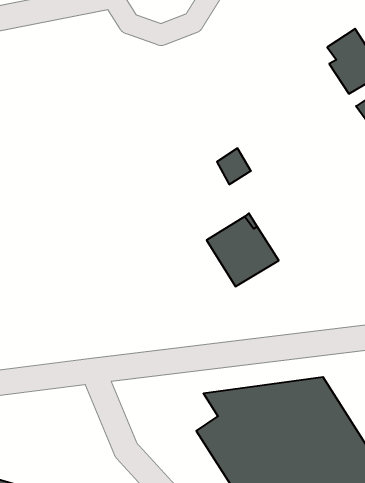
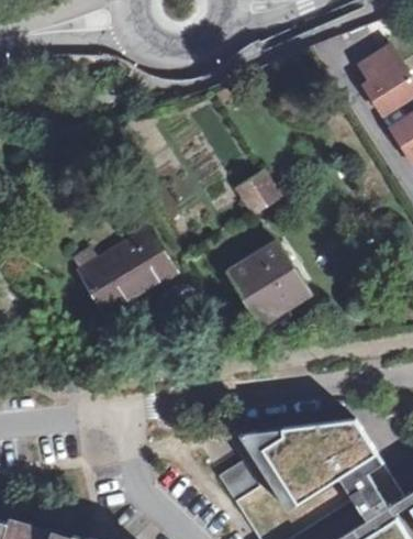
building: none -> [72,224,182,317]

